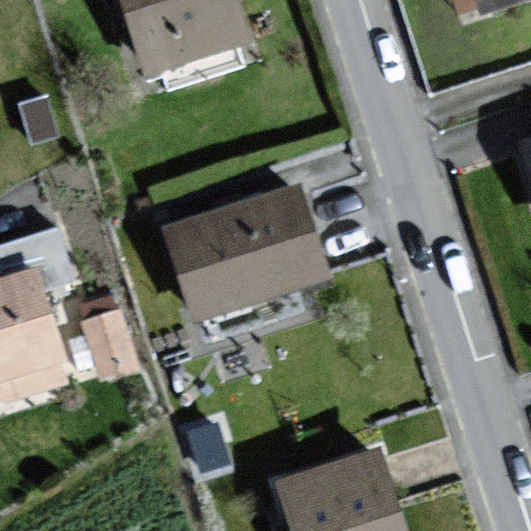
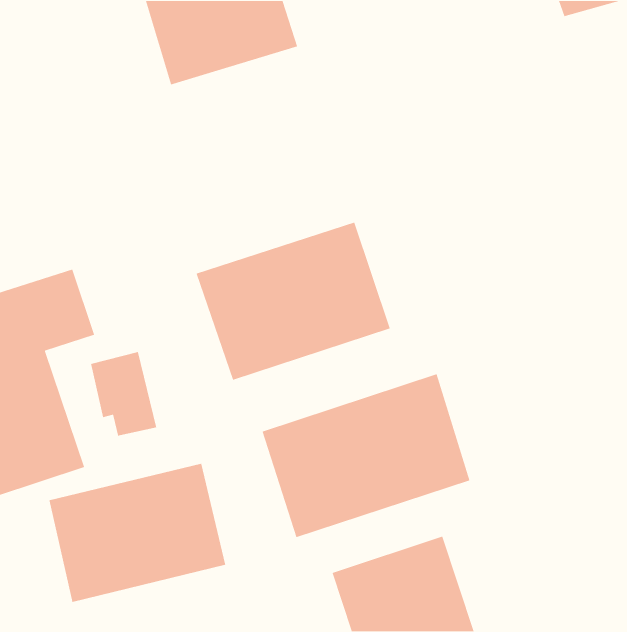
building: none -> [261,373,470,538]
building: none -> [48,463,226,603]

